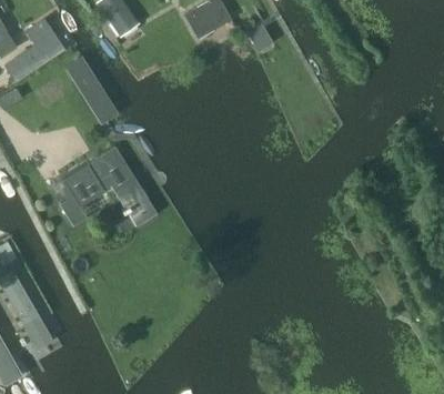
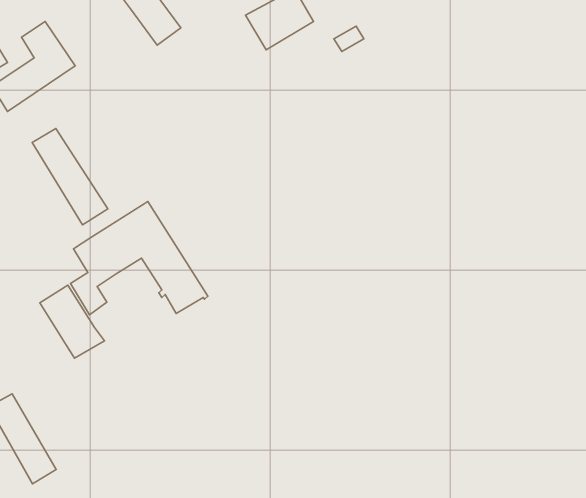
building: [65,55,119,123] -> [32,128,108,225]
building: none -> [40,285,105,358]

